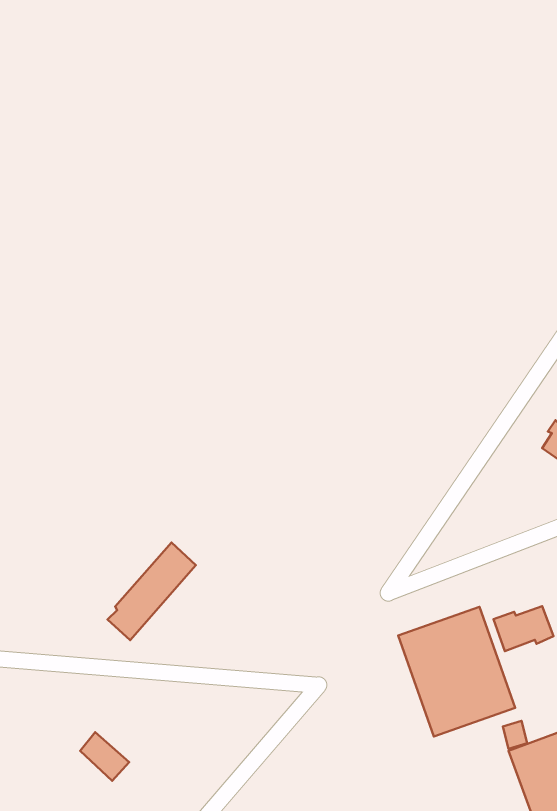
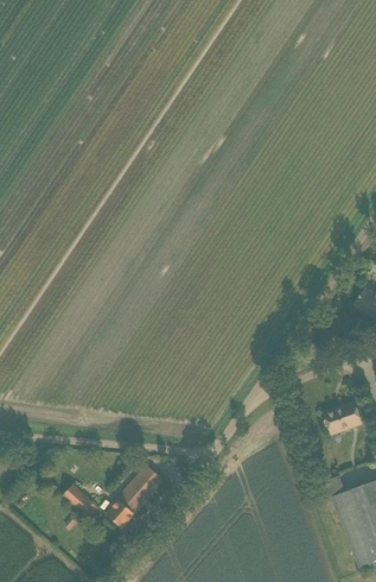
building: [108,542,196,640] -> [107,466,162,527]
building: [398,607,515,736] -> none

